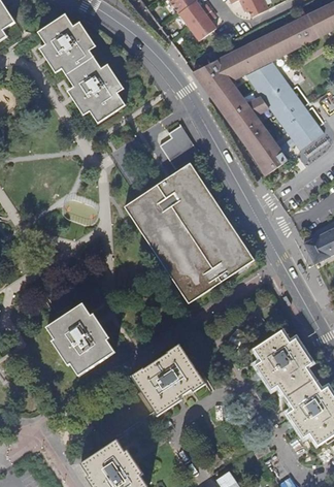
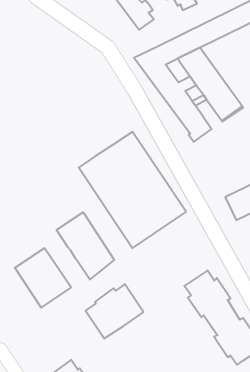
building: [38,13,126,123] -> none
building: [160,124,199,168] -> none
building: none -> [57,212,114,280]

